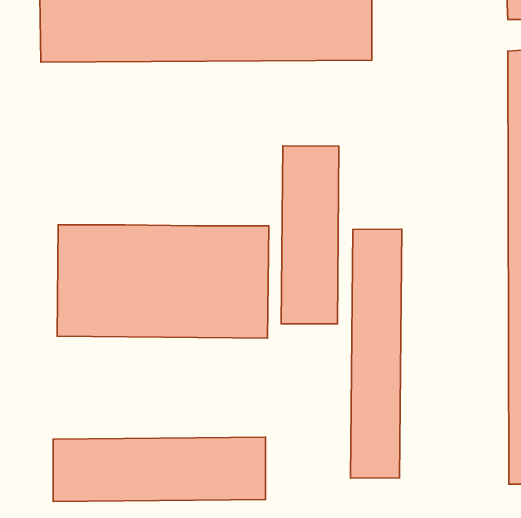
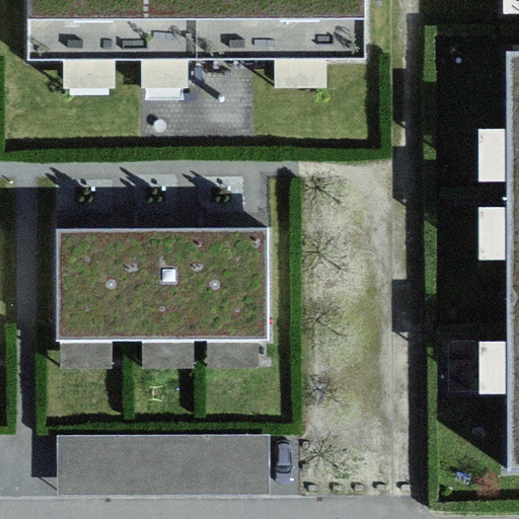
building: [281,146,339,324] -> none
building: [350,229,402,478] -> none

